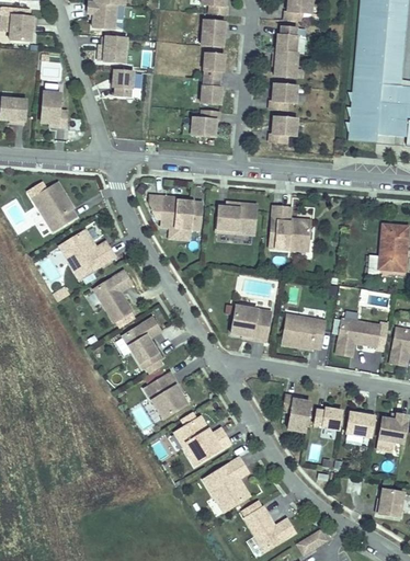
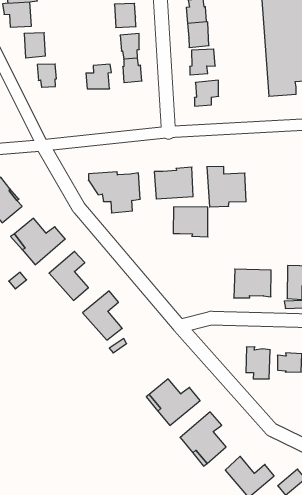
building: [192,108,219,135] -> [86,64,111,89]
building: [230,305,270,341] -> [173,207,208,237]
building: [146,373,187,419] -> none

